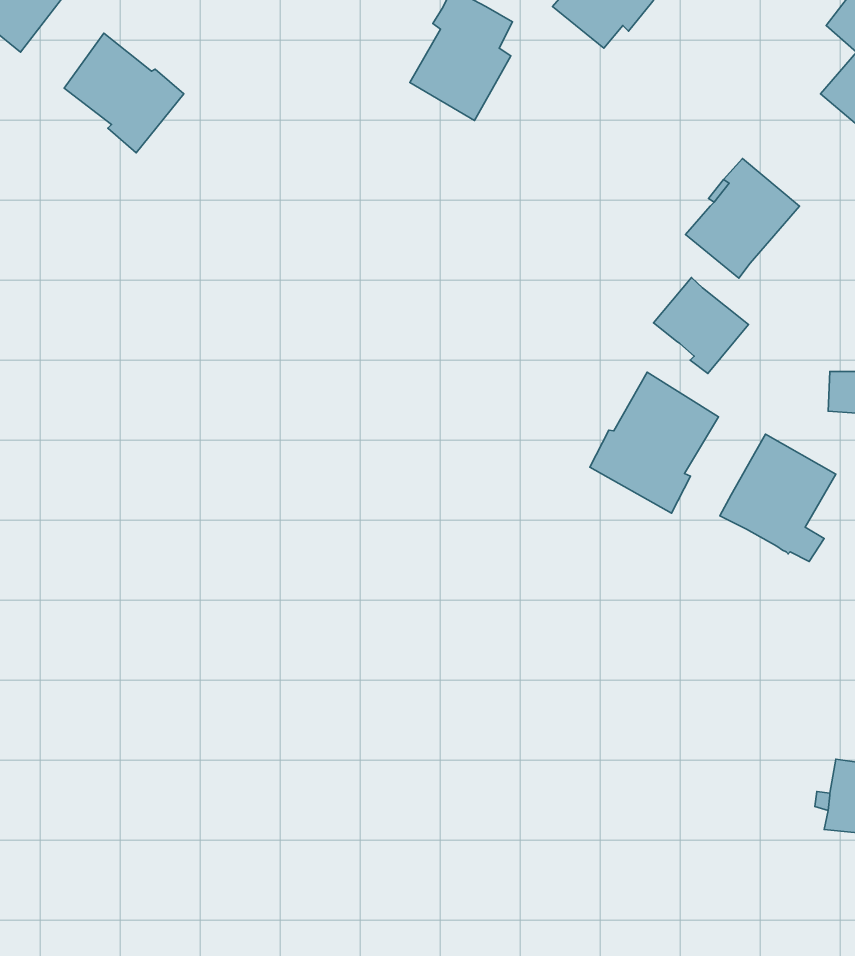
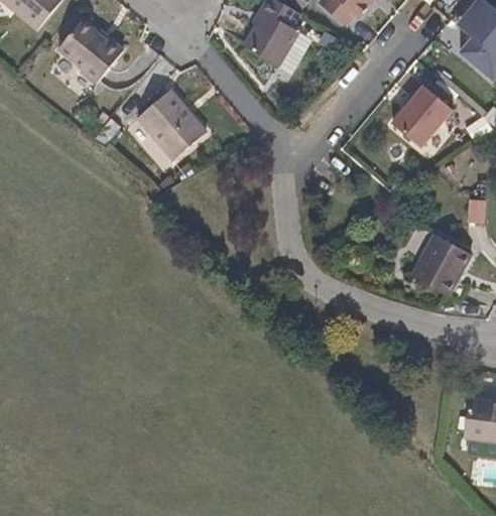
building: none -> [135,92,206,161]
building: [653,278,749,374] -> none
building: [590,372,719,513] -> none

